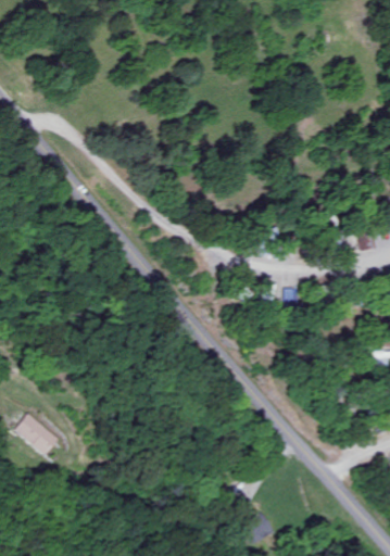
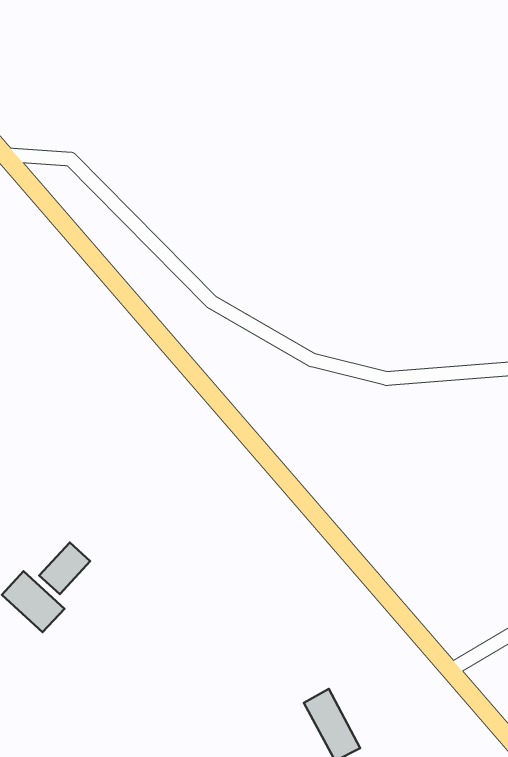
building: none -> [39,543,90,594]

